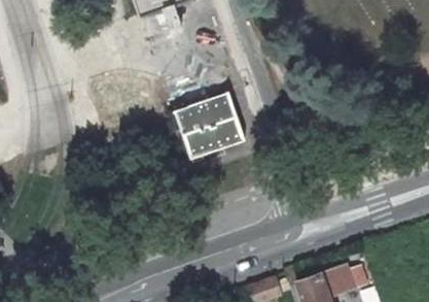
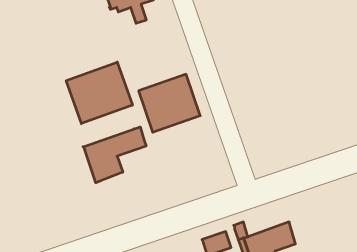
building: none -> [66,62,132,124]
building: none -> [83,127,146,183]

